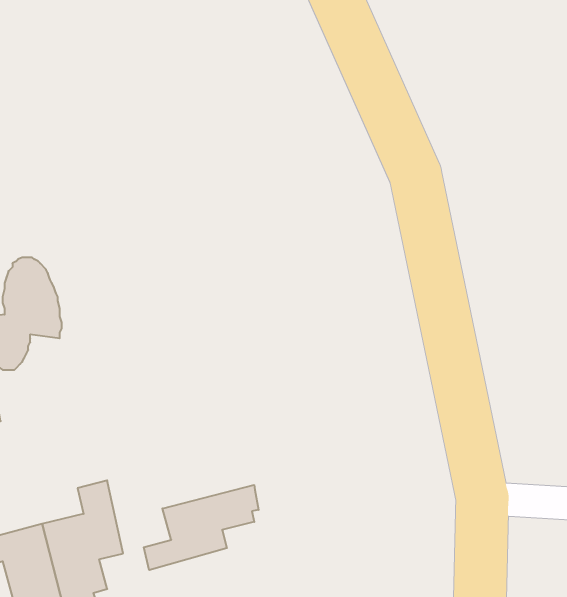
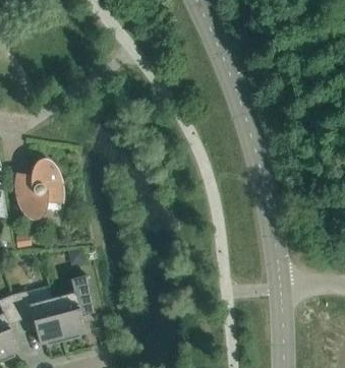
building: [144,485,259,570] -> none

